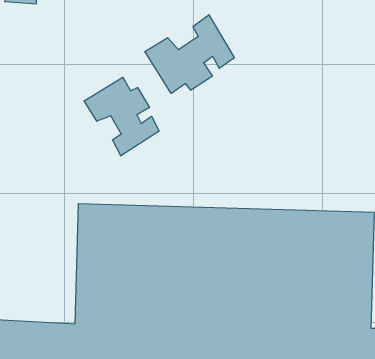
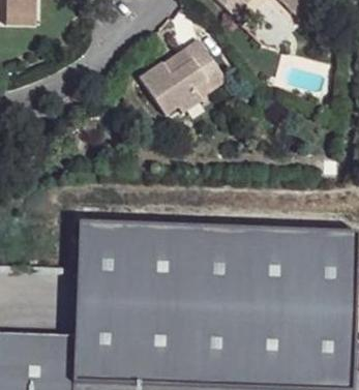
building: [84,77,159,156] -> none

